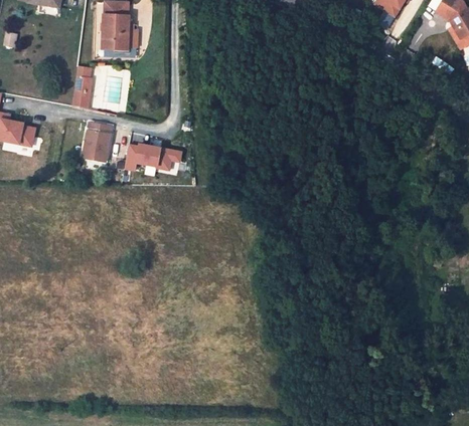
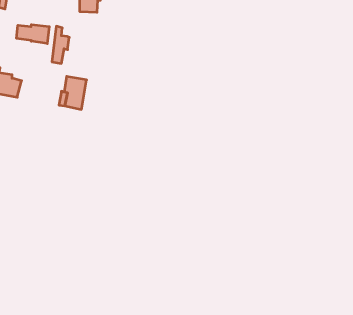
building: none -> [17,25,49,44]
building: [124,144,180,170] -> none

